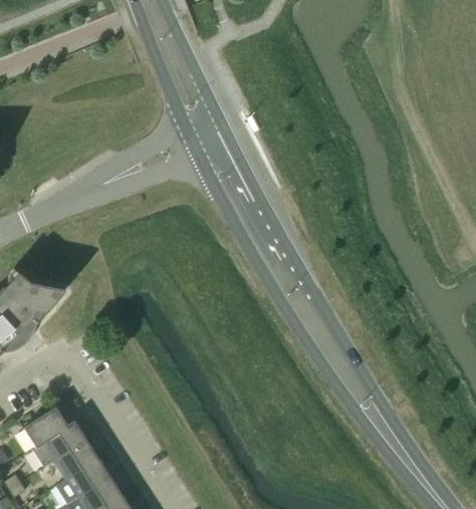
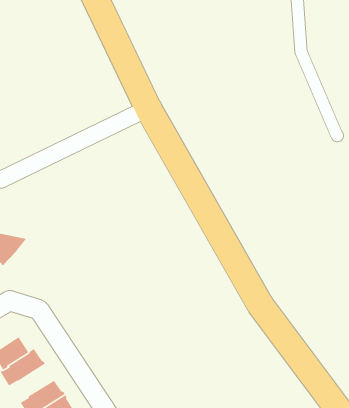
building: [55,441,98,480] -> none

